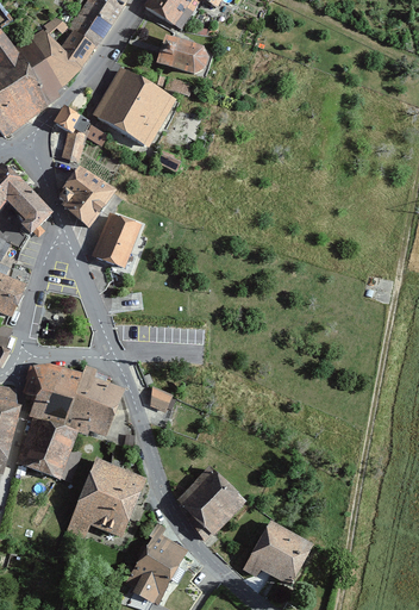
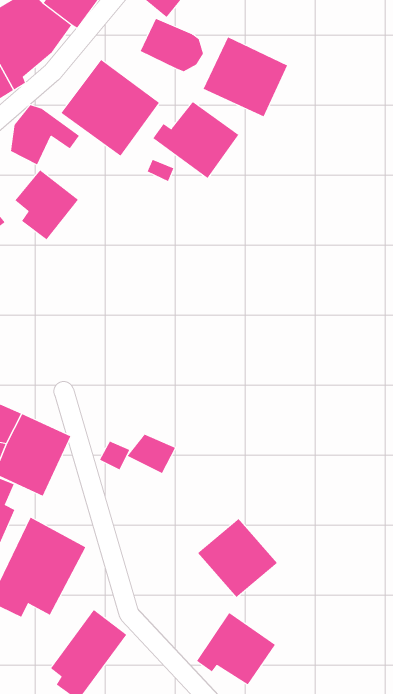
building: none -> [203,37,288,117]
building: none -> [153,101,239,179]
building: [94,213,138,264] -> none
building: none -> [127,434,176,474]
building: [179,467,246,534] -> [197,518,278,598]

